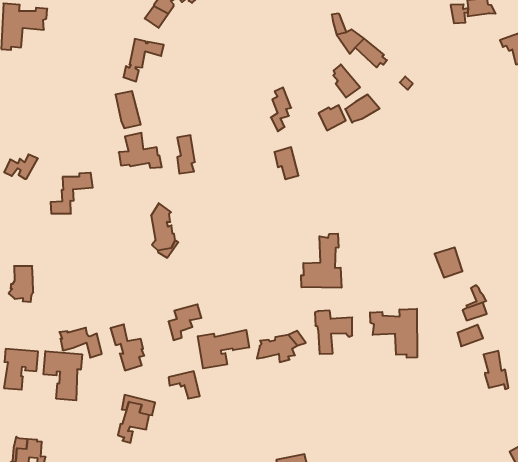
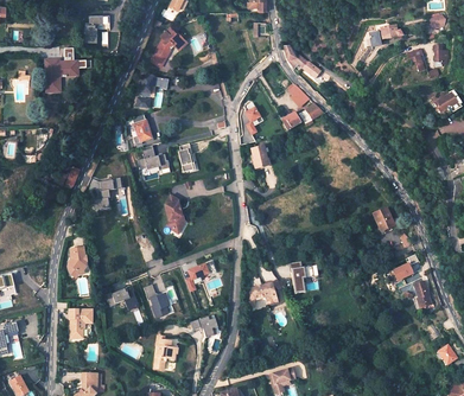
building: [301,234,341,288] -> none
building: [370,309,417,358] -> none
building: [198,330,249,368] -> none
building: [44,351,82,400] -> none

